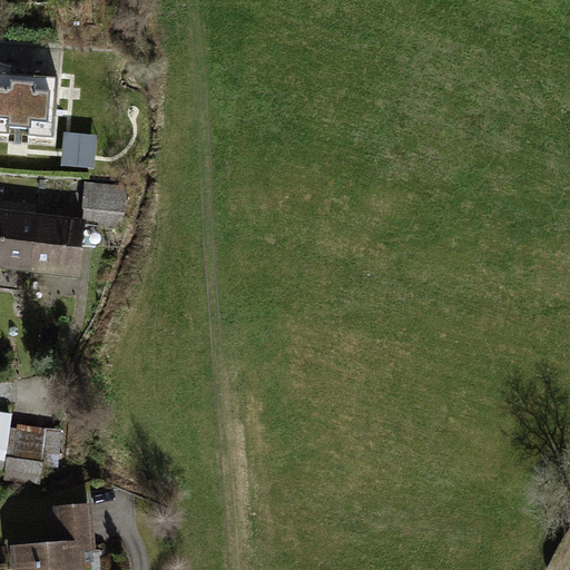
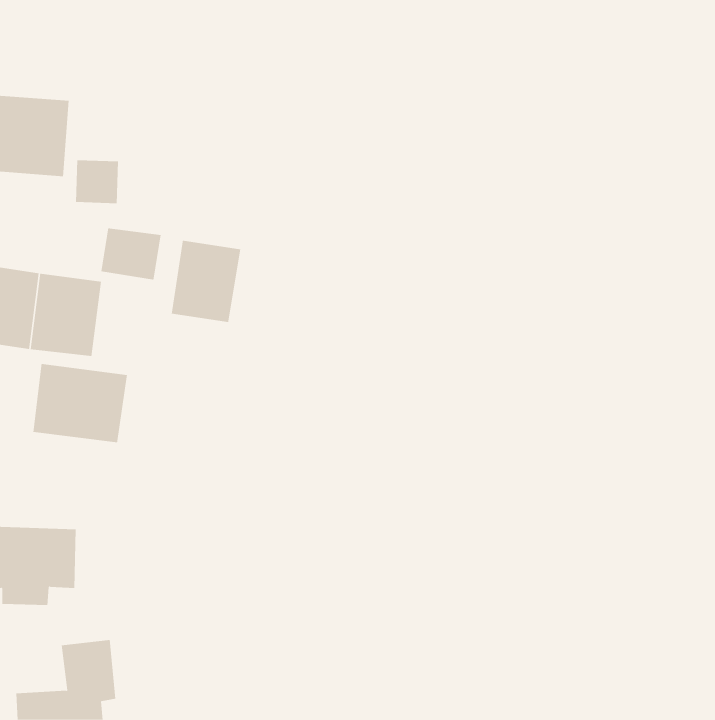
building: none -> [171,240,241,323]
building: none -> [33,363,127,443]

